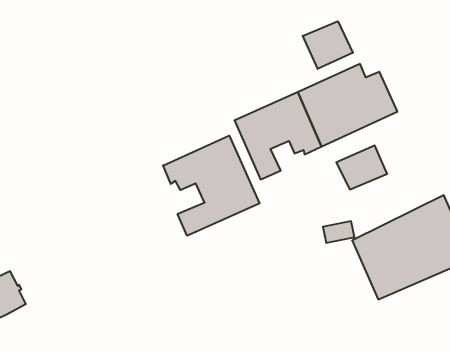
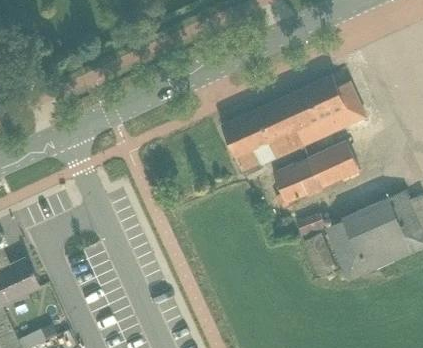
building: [303,21,353,69] -> none
building: [163,136,259,236] -> none
building: none -> [274,157,323,202]

